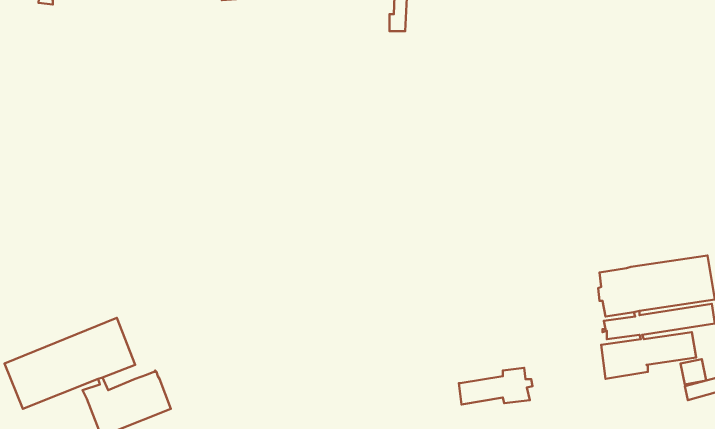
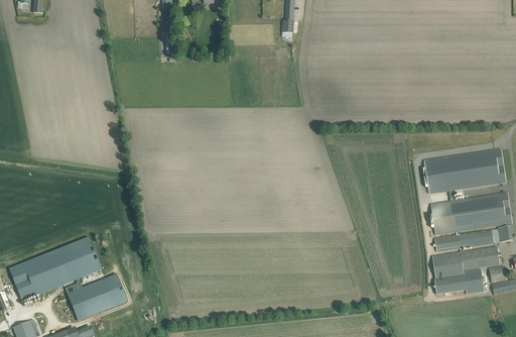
building: none -> [423,147,505,200]
building: [459,368,533,405] -> [434,267,487,294]

